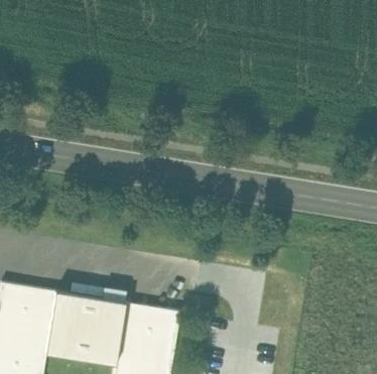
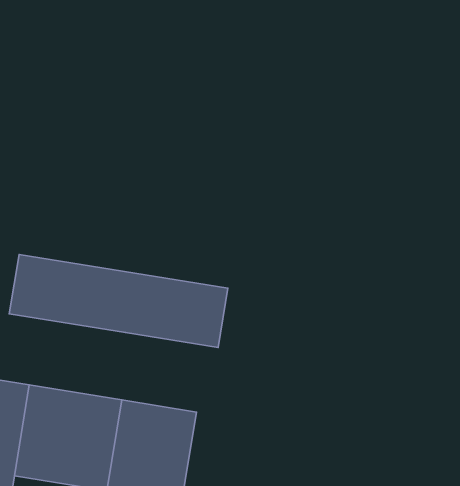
building: none -> [9,255,228,348]

